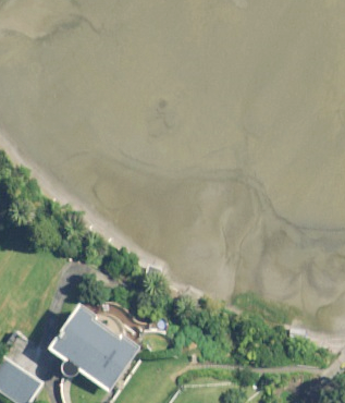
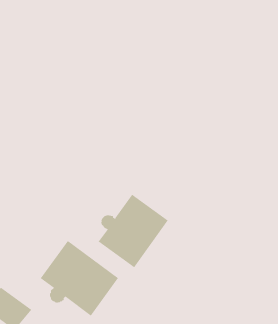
building: none -> [98,194,168,268]

